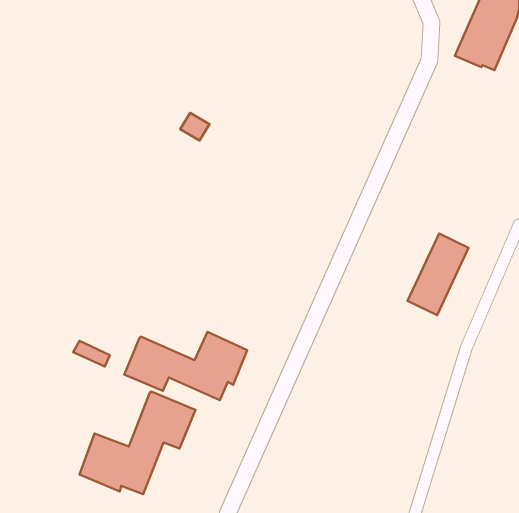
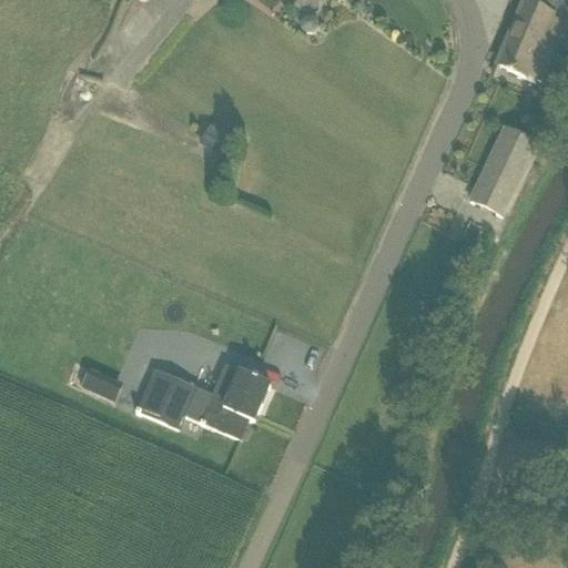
building: [408,234,469,315] -> [469,124,536,213]
building: [79,392,195,494] -> none

